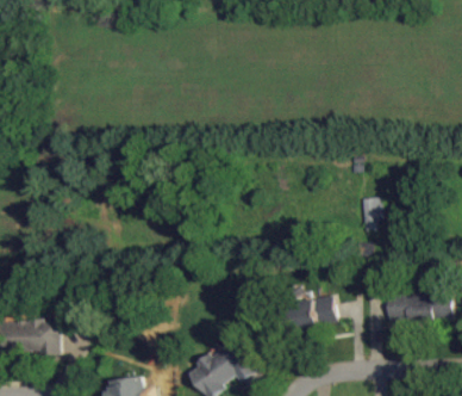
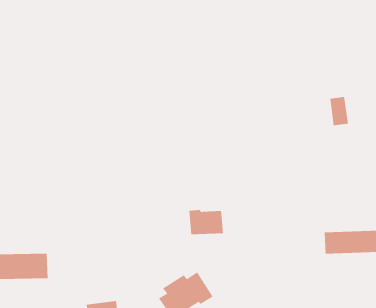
building: [361,197,383,231] -> [330,97,349,126]
building: [293,296,335,326] -> [189,210,224,235]

